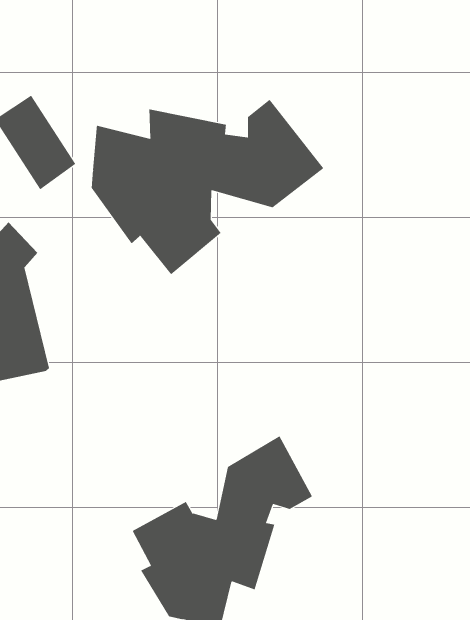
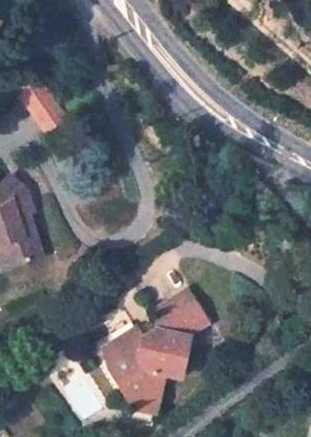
building: [91,99,324,275] -> none

